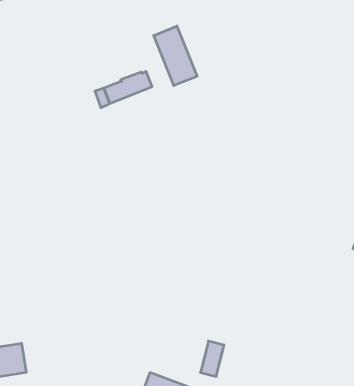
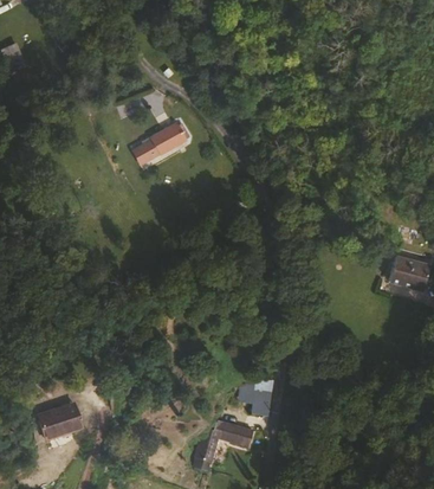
building: [154,26,197,86] -> none

